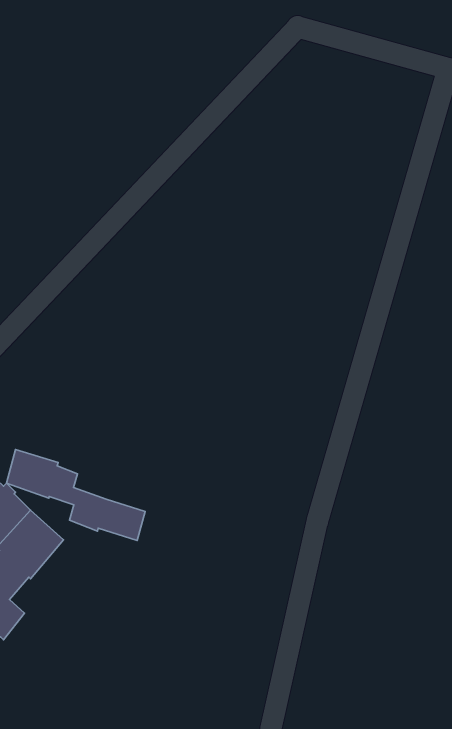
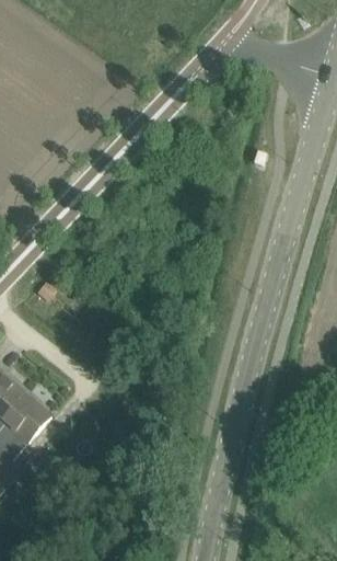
building: [7,449,145,540] -> none

